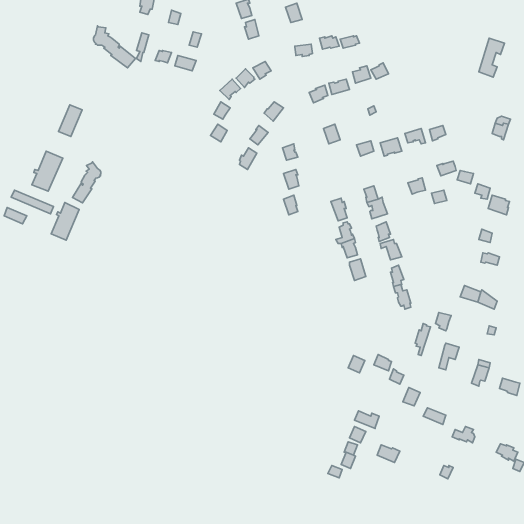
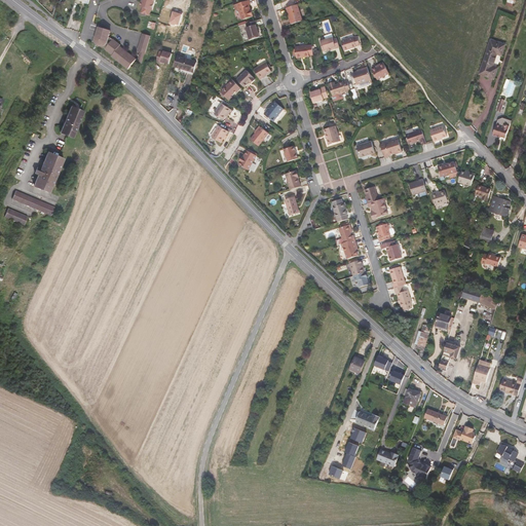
building: [73,162,101,203] -> none
building: [51,202,79,240] -> none
building: none -> [406,447,430,480]

